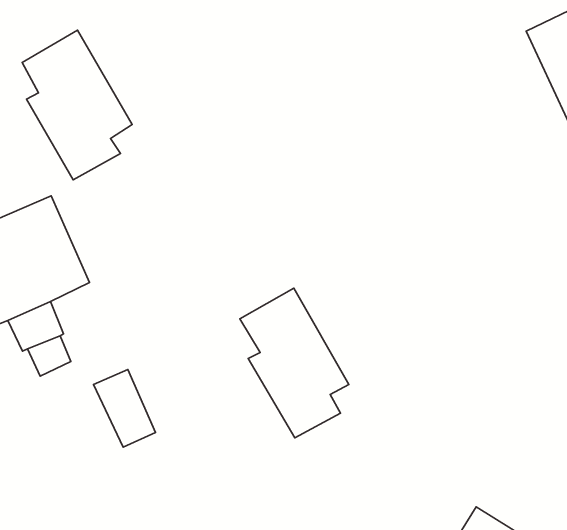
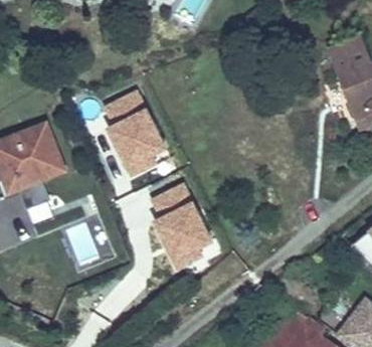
building: [22,30,132,180] -> [105,91,165,176]

